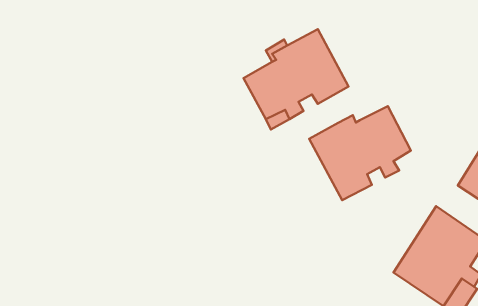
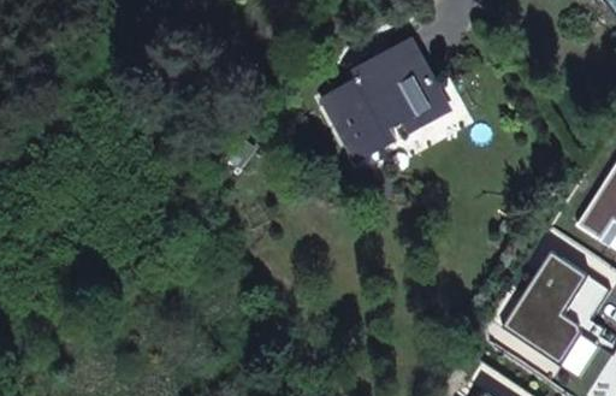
building: [309,106,411,200] -> none

